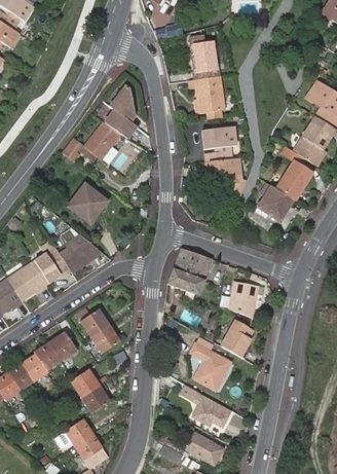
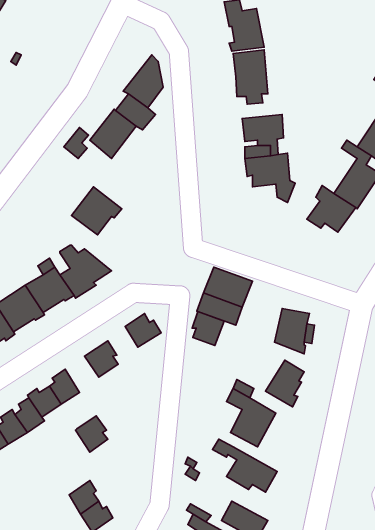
building: none -> [192,311,224,346]
building: [89,325,118,352] -> [125,314,161,347]
building: [82,385,110,410] -> none

